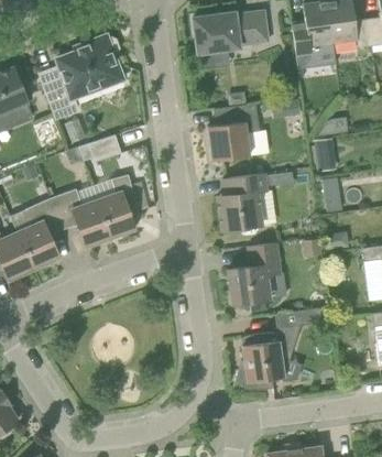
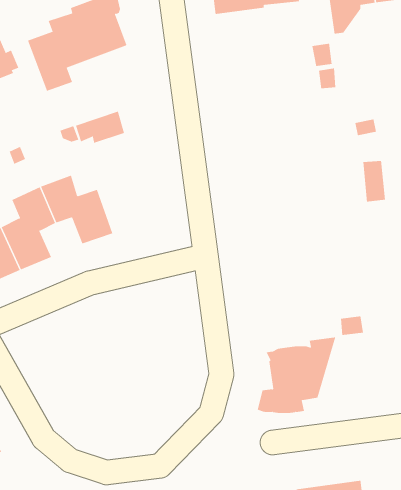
building: [208,104,260,161] -> none
building: [218,173,266,233] -> none
building: [99,174,141,238] -> none
building: [228,242,281,304] -> none

